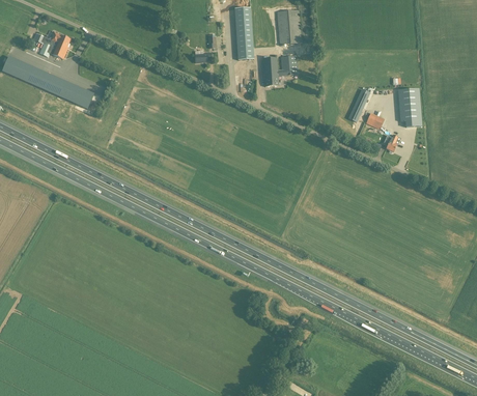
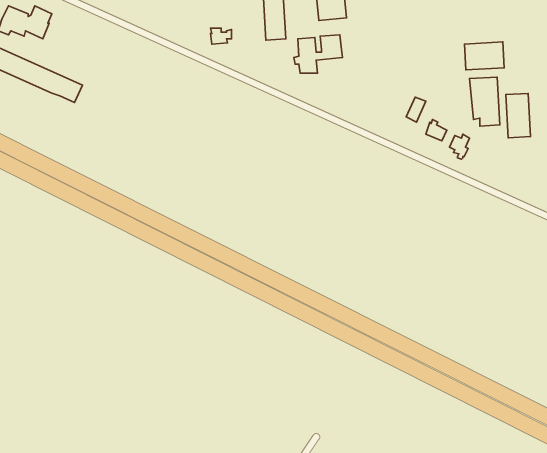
building: none -> [464,42,504,70]
building: none -> [506,93,531,138]

